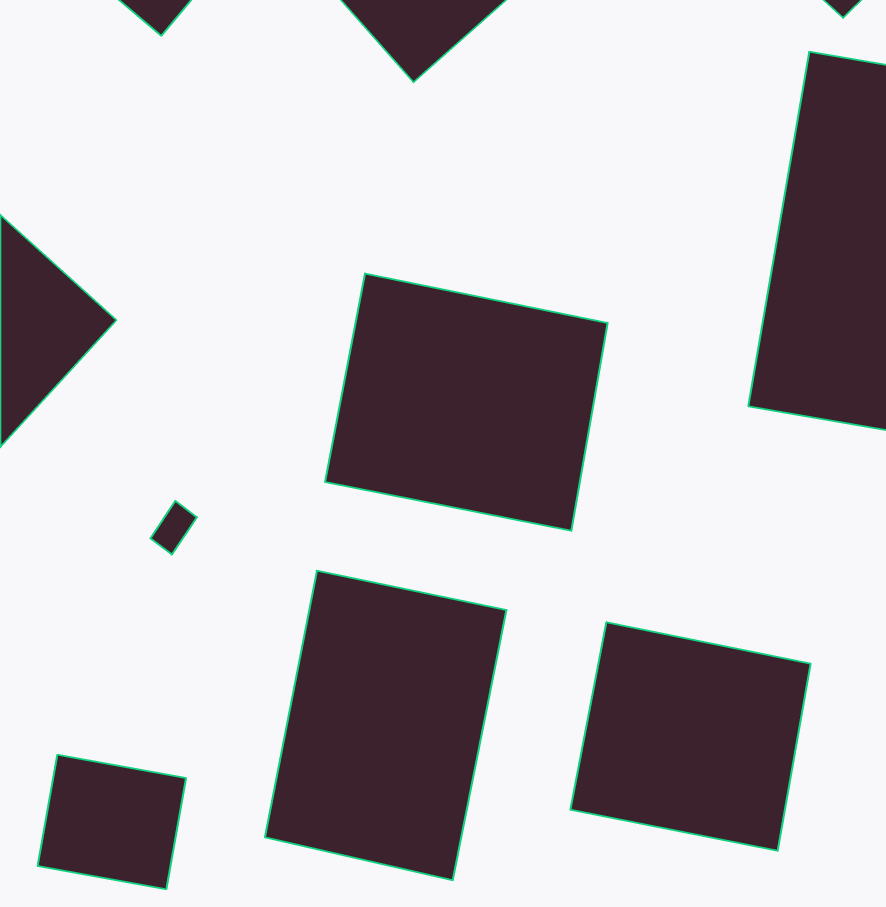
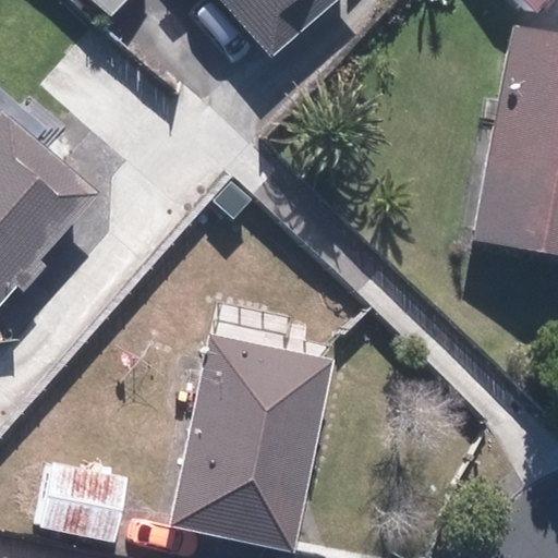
building: [325,273,608,531] -> none
building: [570,622,811,851] -> none

